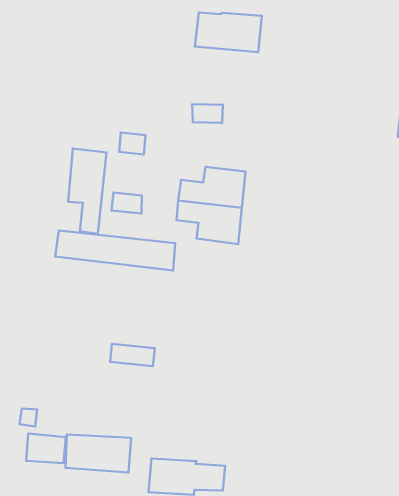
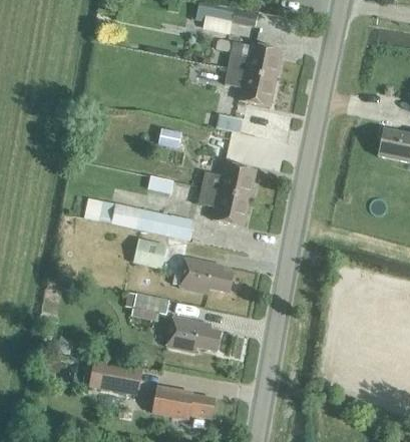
building: none -> [224,68,276,106]
building: [68,148,106,234] -> none
building: none -> [133,240,168,270]
building: none -> [178,258,233,294]
building: none -> [165,316,220,353]

